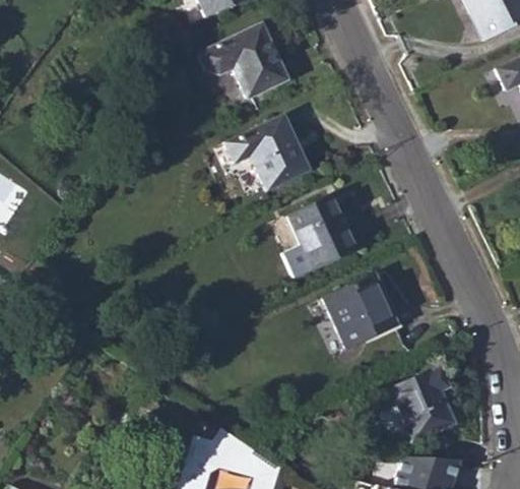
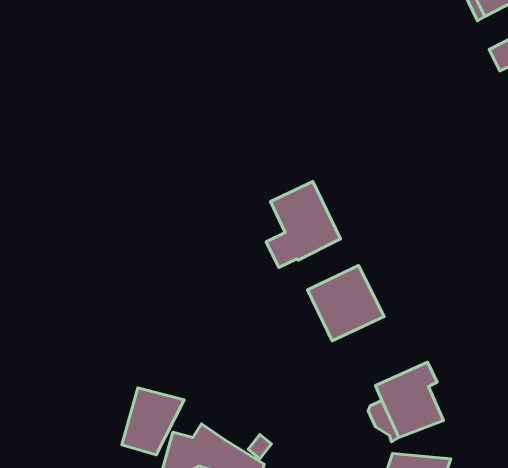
building: [199,26,287,99] -> none
building: [224,116,309,191] -> none
building: none -> [122,388,184,455]

